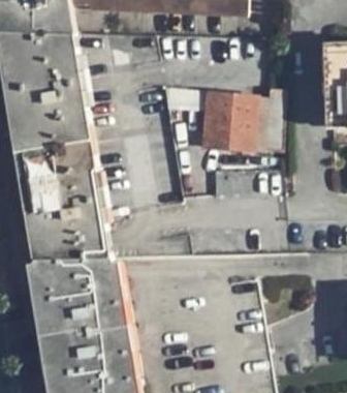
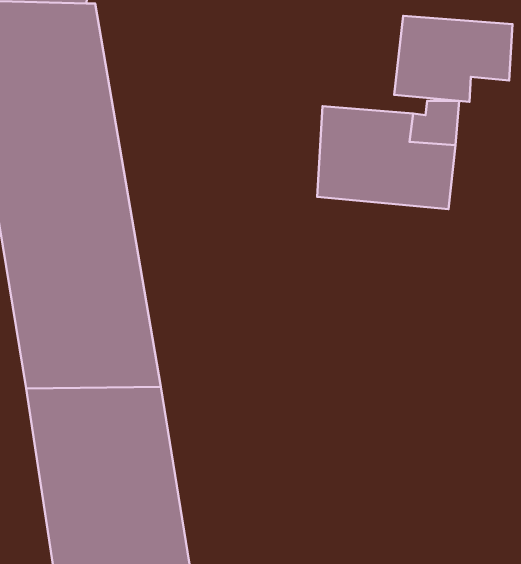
building: none -> [394,16,513,102]

